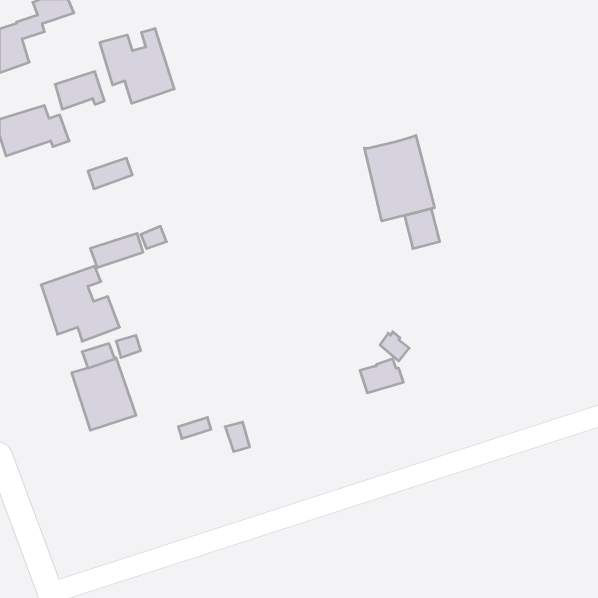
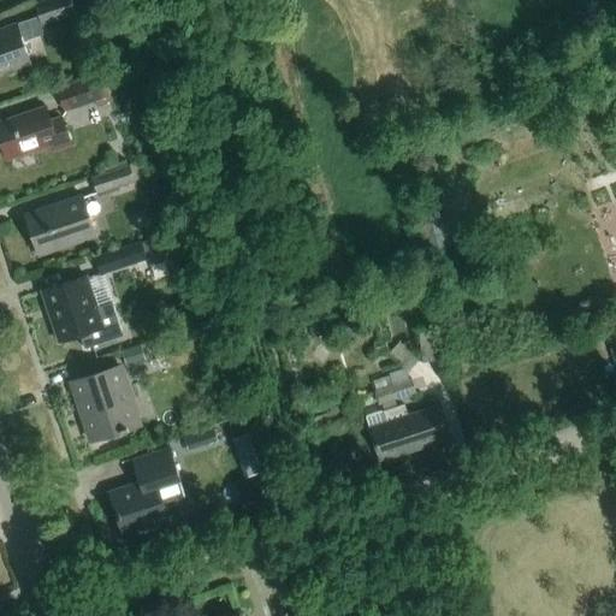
building: [100,28,174,103] -> none
building: [364,135,434,221] -> none
building: none -> [23,192,96,256]
building: none -> [366,403,449,462]
building: none -> [109,448,185,539]

